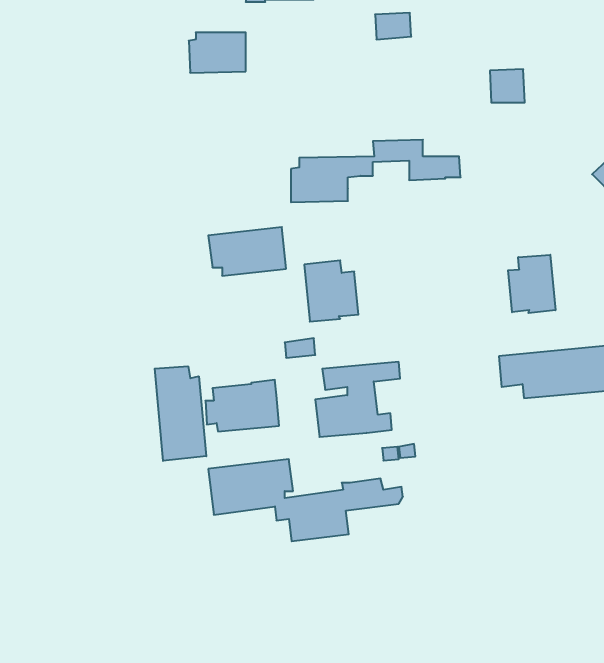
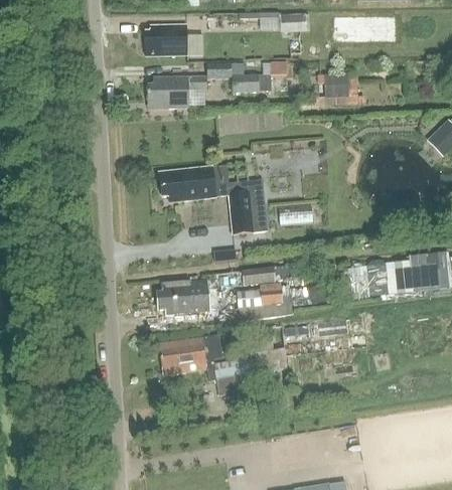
building: [490,69,525,103] -> [323,71,348,96]
building: [291,140,461,202] -> [147,62,270,108]
building: [508,255,555,313] -> none
building: [155,366,206,461] -> none

